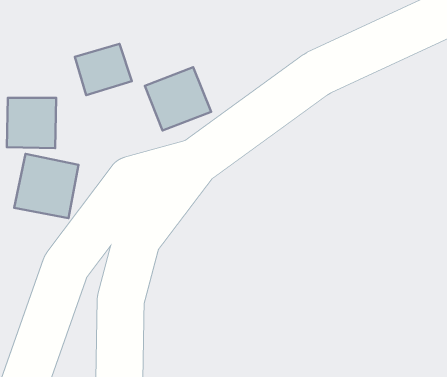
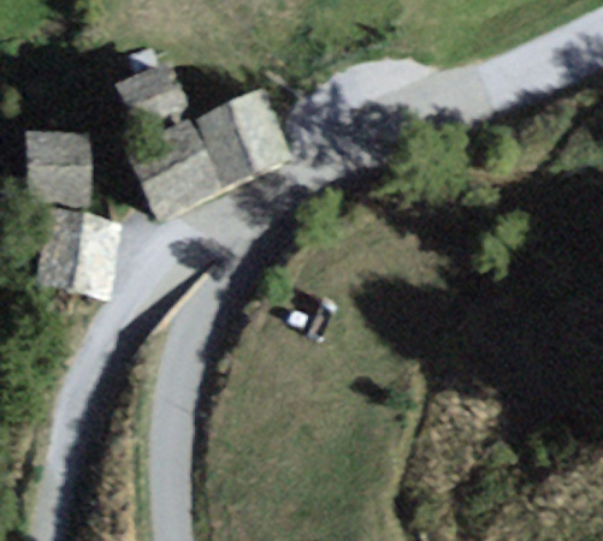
building: none -> [129,121,217,213]

